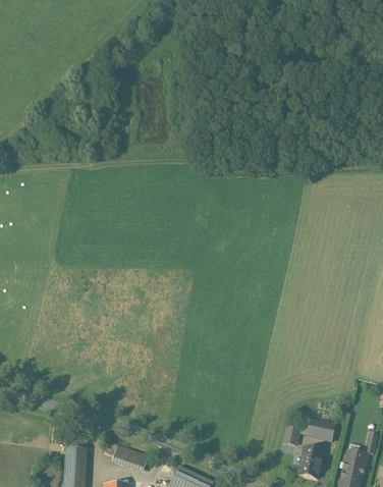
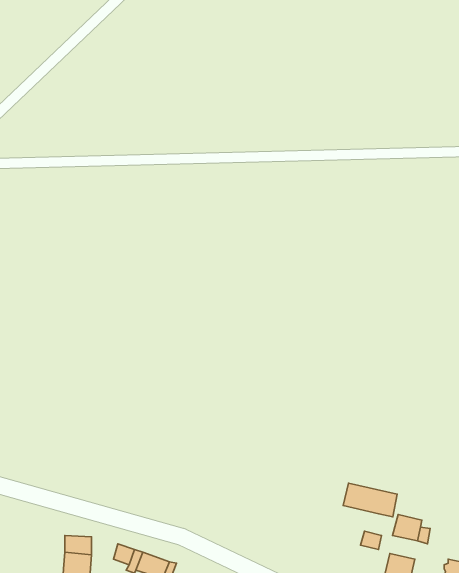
building: none -> [343,483,397,517]

